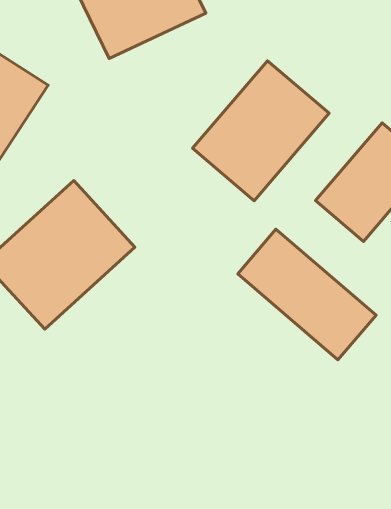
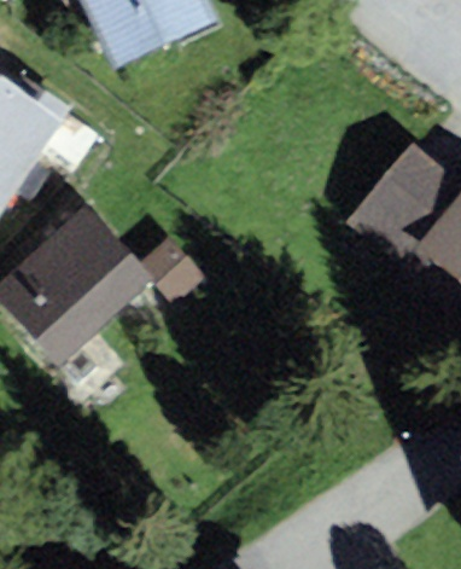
building: [192,61,329,201] -> none
building: [238,229,376,360] -> none

